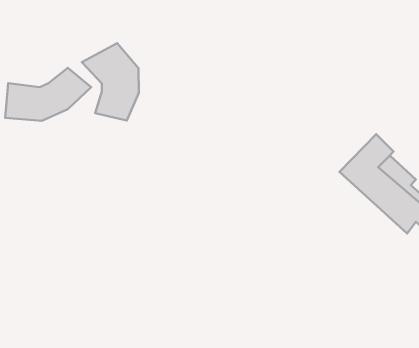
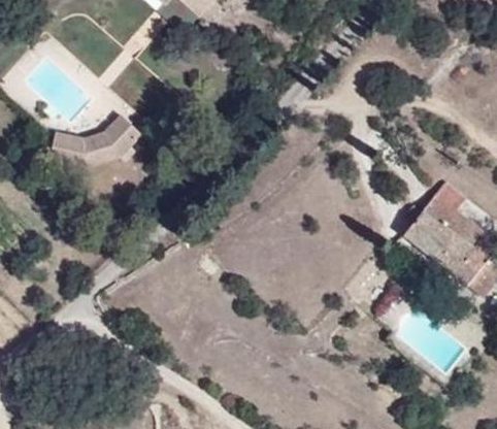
building: [82,43,139,120] -> none

